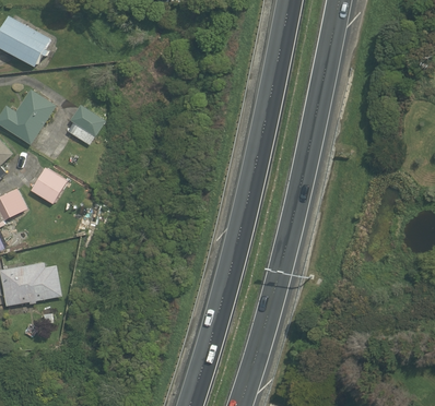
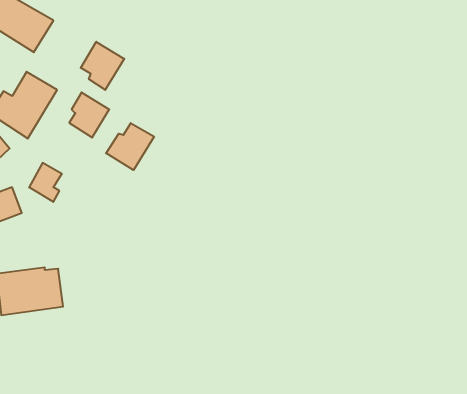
building: none -> [81,42,124,90]
building: none -> [106,123,154,170]

